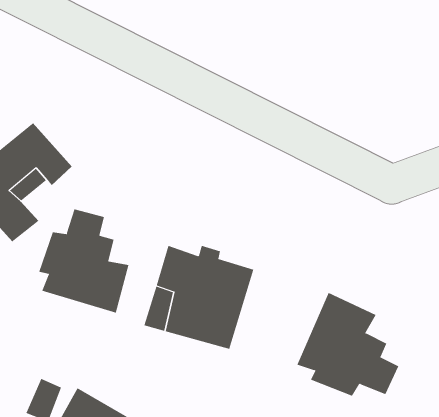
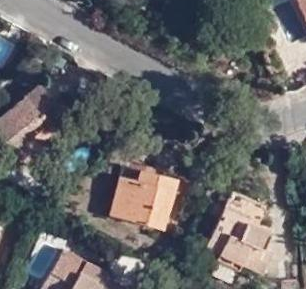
building: [39,209,129,313] -> none

